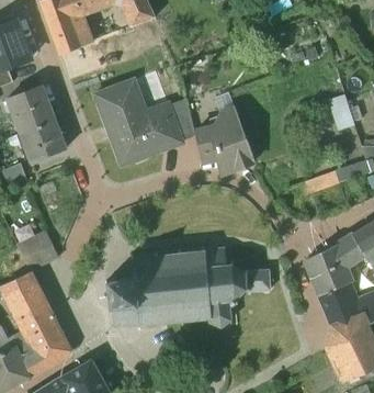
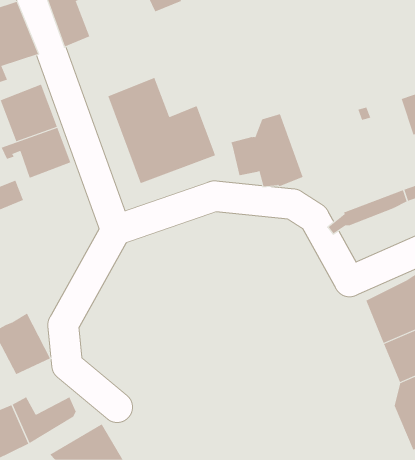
building: [168,99,195,139] -> none
building: [16,231,58,271] -> none
building: [105,245,270,328] -> none
building: [20,307,64,352] -> none

